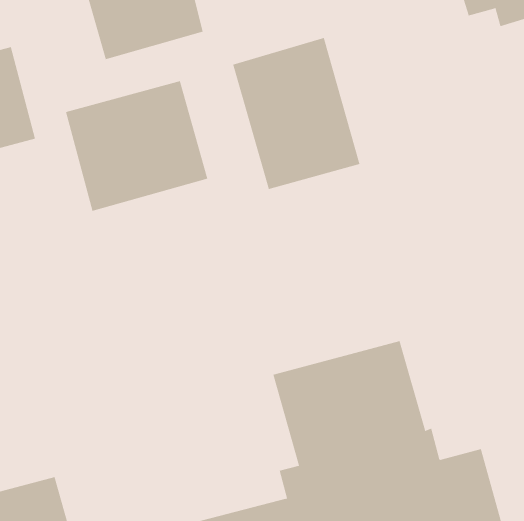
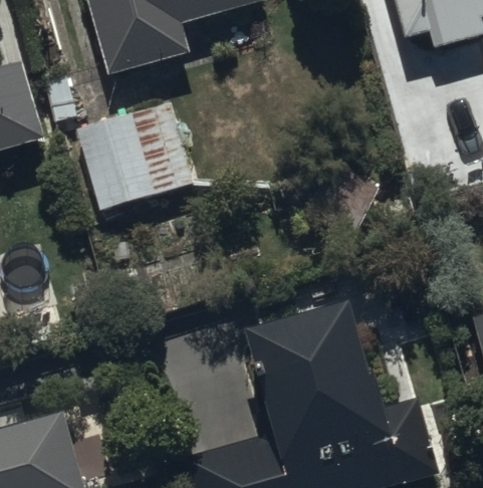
building: [232,37,360,190] -> none

